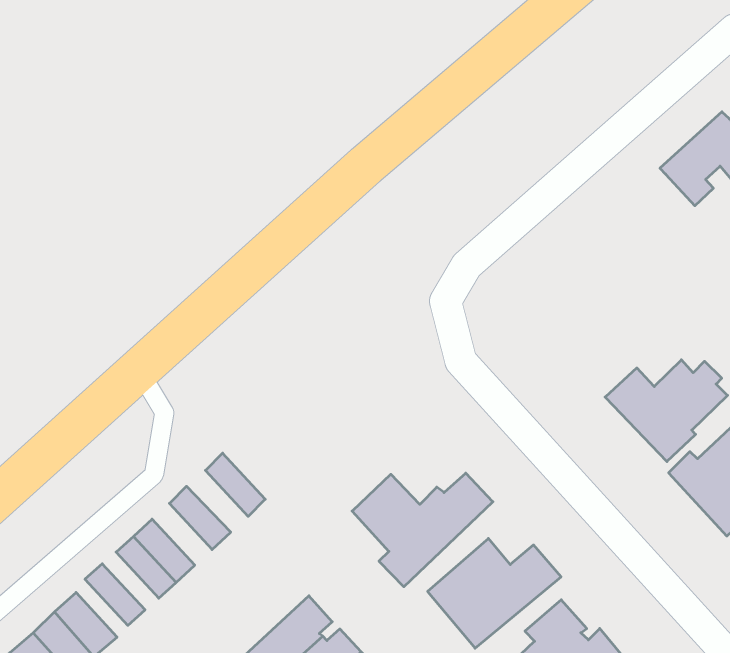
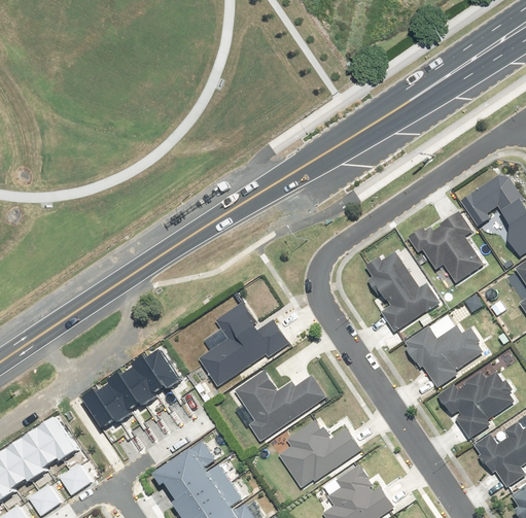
building: none -> [409,213,485,285]
building: none -> [365,253,442,334]
building: none -> [198,302,289,387]
building: none -> [133,351,169,392]
building: [85,564,145,625] -> [108,369,143,410]

